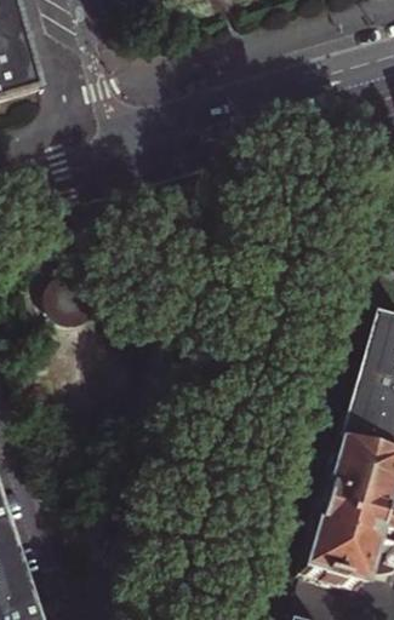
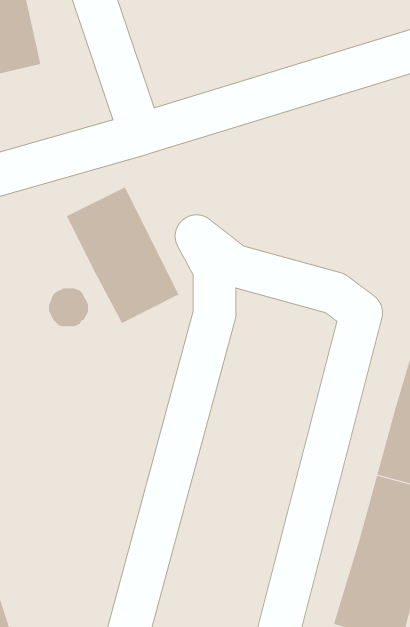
building: none -> [66,186,179,324]

